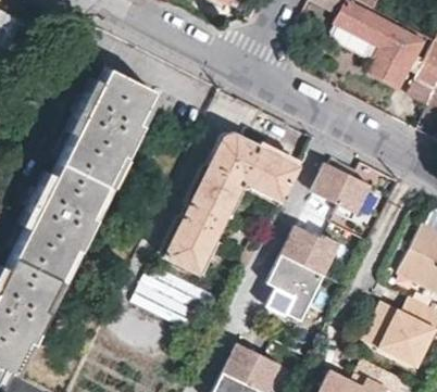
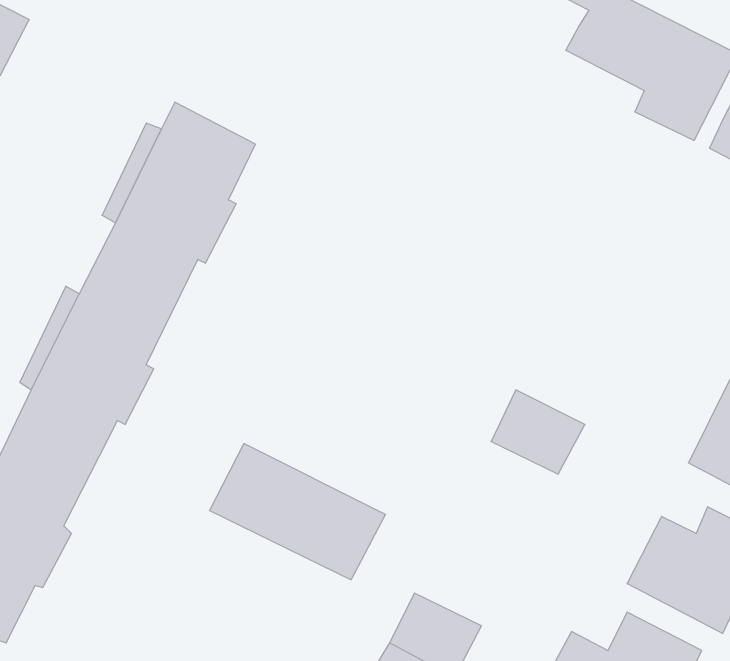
building: [163,135,299,274] -> none
building: [319,168,372,224] -> none
building: [275,260,325,319] -> none

